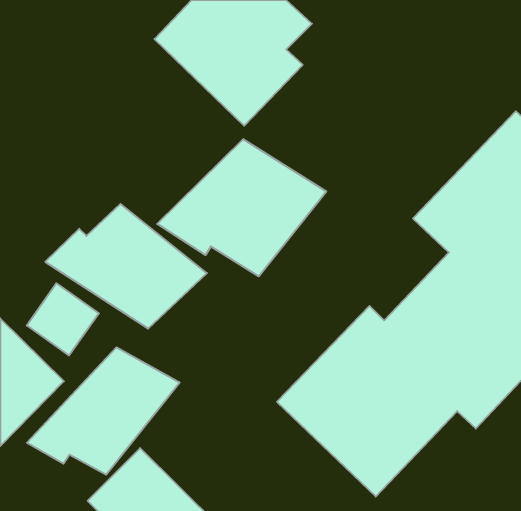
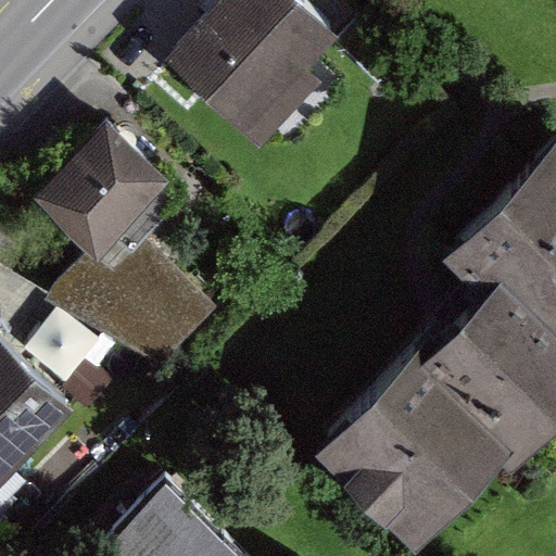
building: none -> [37,136,167,265]
building: [157,139,326,276] -> none
building: [27,347,180,475] -> none

